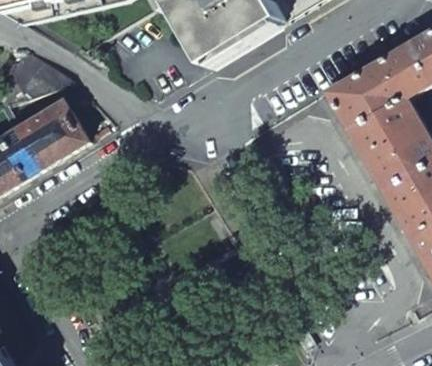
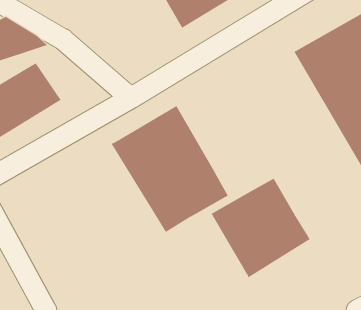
building: none -> [111,105,229,233]
building: none -> [211,178,310,278]

